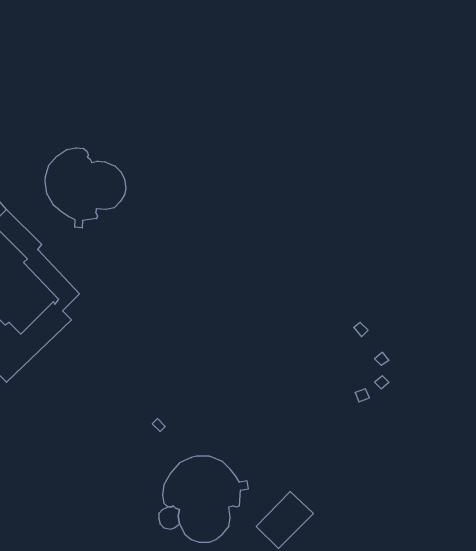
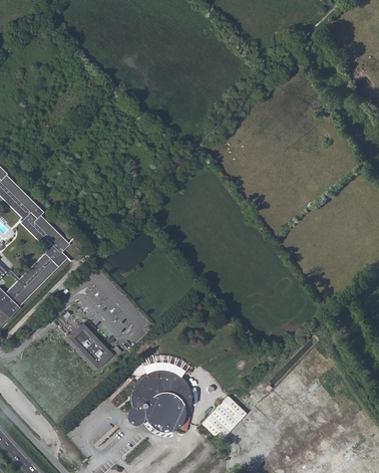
building: [45,148,126,228] -> none
building: none -> [69,326,109,366]

